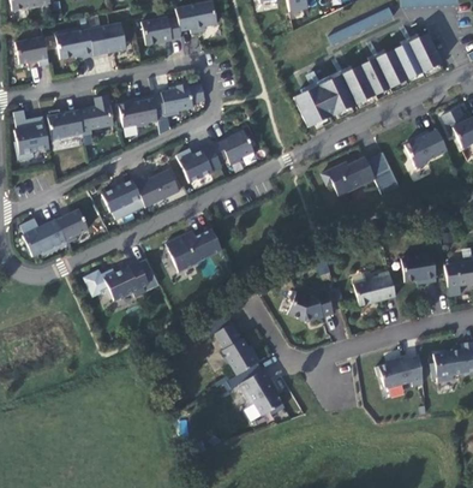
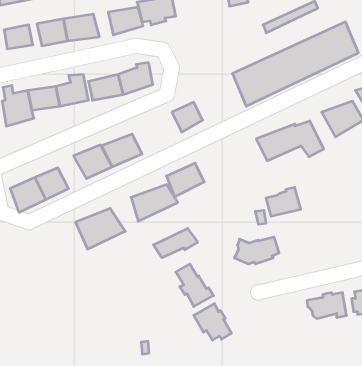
building: [175,142,221,183] -> [166,163,204,197]
building: [405,255,439,285] -> none
building: [357,273,399,308] -> [266,187,301,216]
building: none -> [153,228,197,258]

